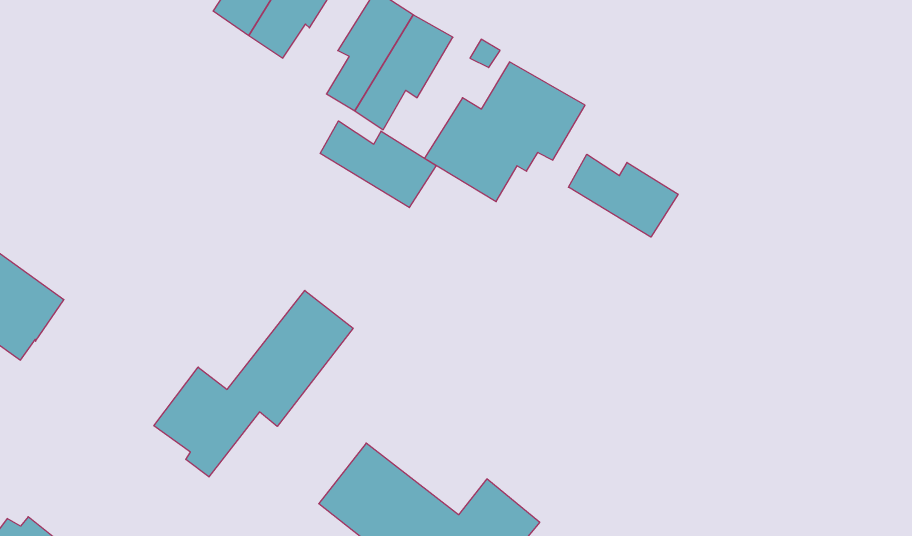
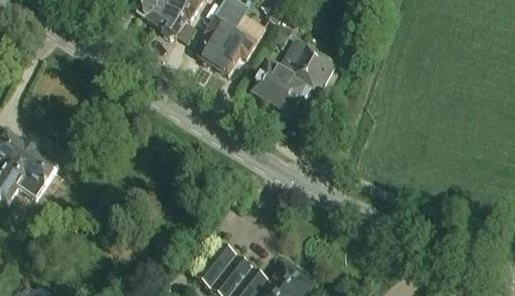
building: [320,121,436,208] -> none
building: [568,154,678,237] -> none
building: [154,290,353,477] -> none

